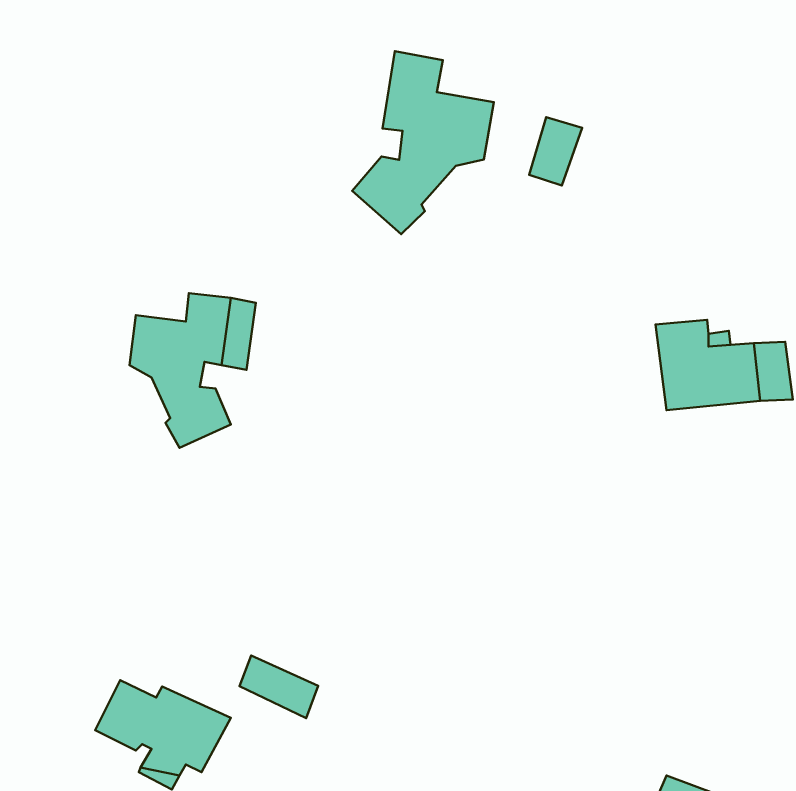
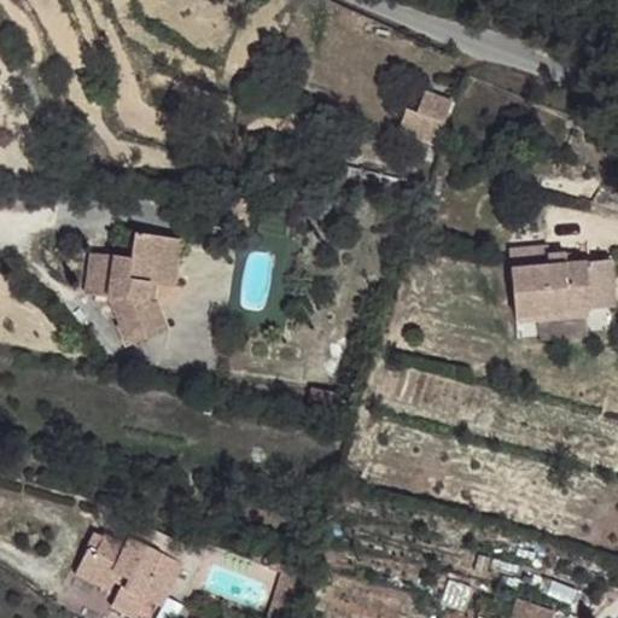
building: [352,51,494,234] -> none
building: [240,656,318,718] -> none

